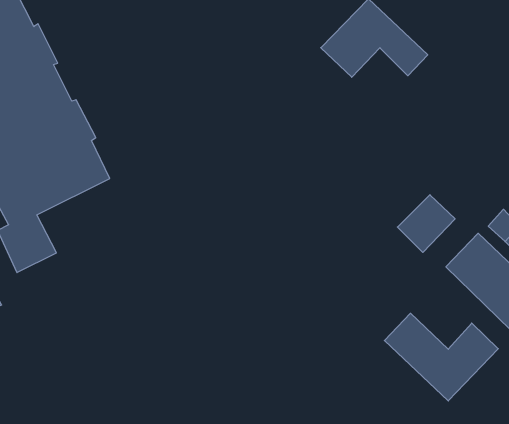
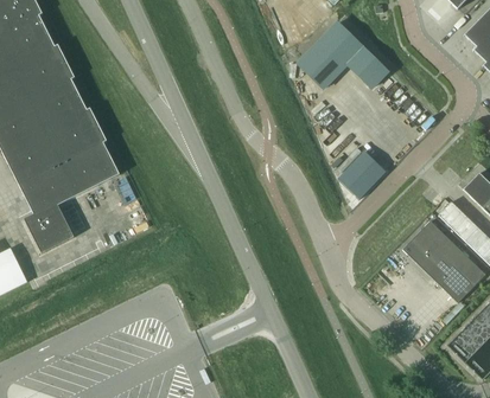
building: [397,195,455,252] -> [337,150,386,199]
building: [384,313,498,401] -> none

